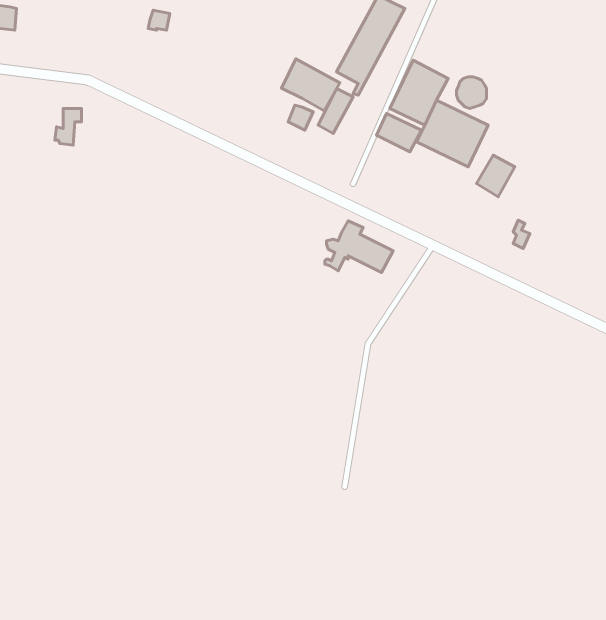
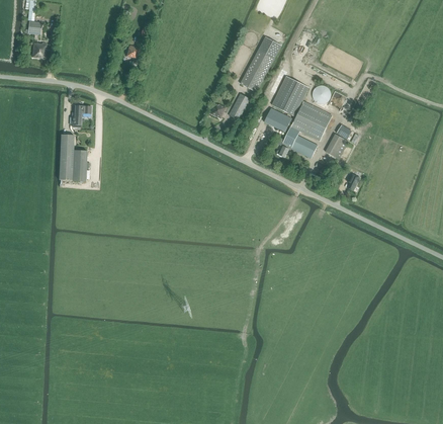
building: [281,59,340,111] -> none
building: none -> [59,134,86,181]
building: [325,221,393,273] -> [276,126,318,158]

